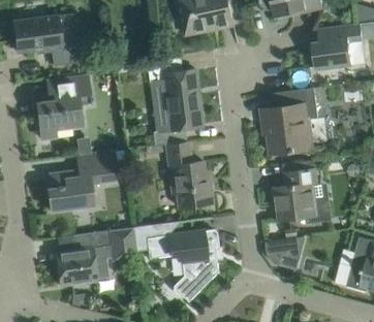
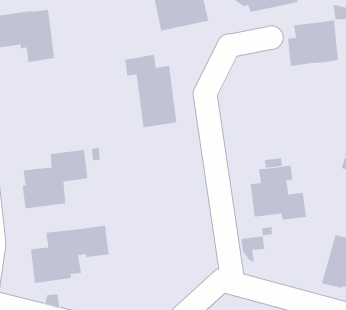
building: [36,75,90,139] -> none
building: [264,88,318,154] -> none
building: [164,142,213,208] -> none
building: [131,224,219,301] -> none

